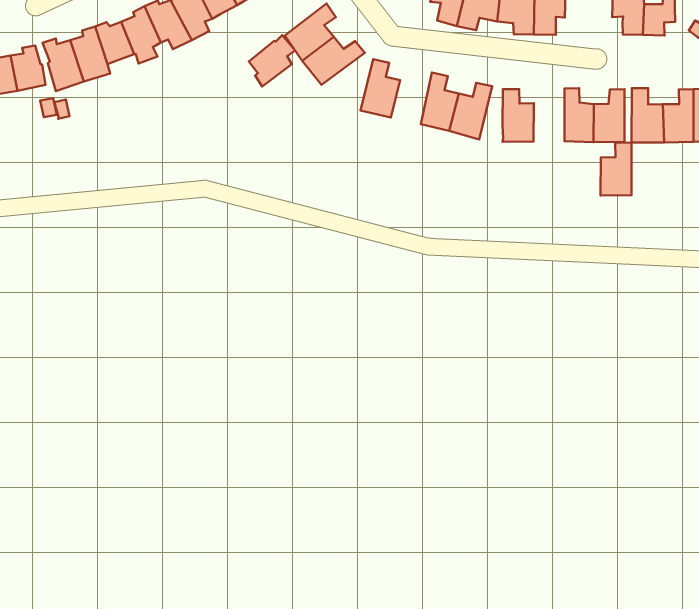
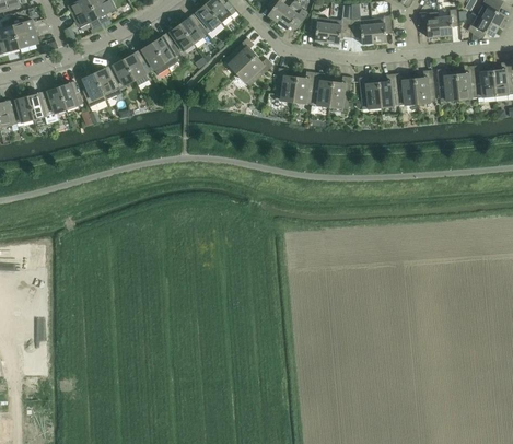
building: [249,35,295,86] -> none
building: none -> [292,71,314,104]
building: [601,143,632,196] -> [377,73,398,107]

